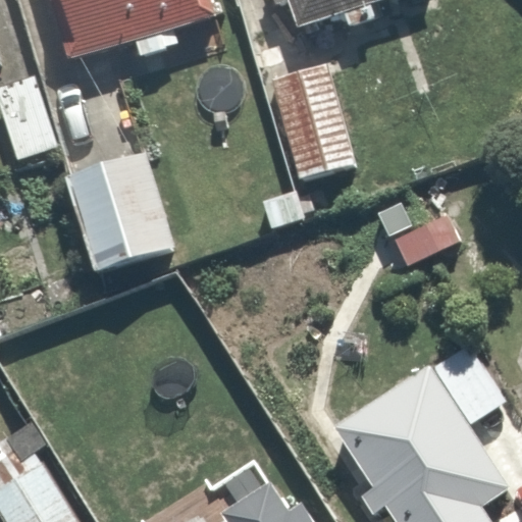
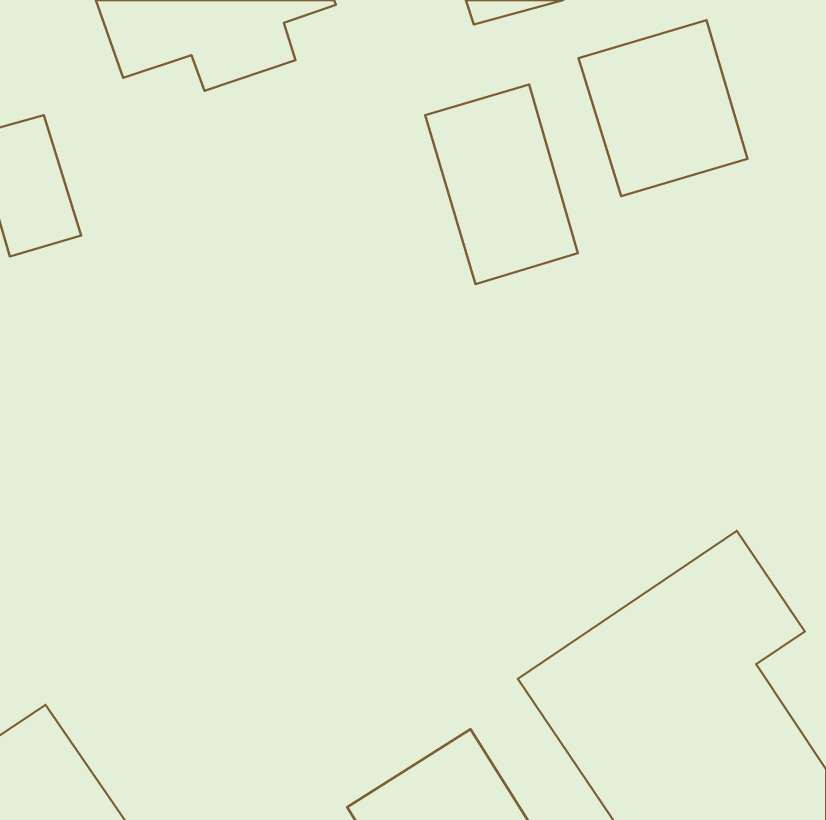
building: none -> [579,20,748,196]
building: [60,140,174,272] -> none

